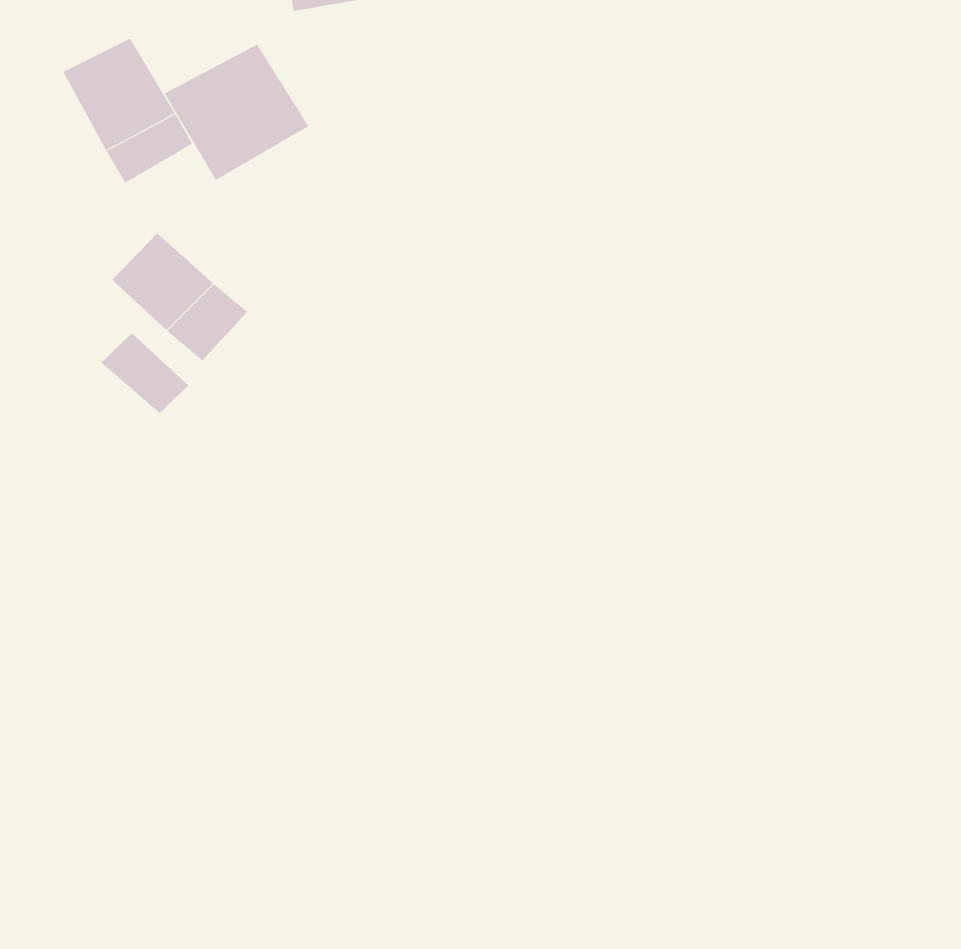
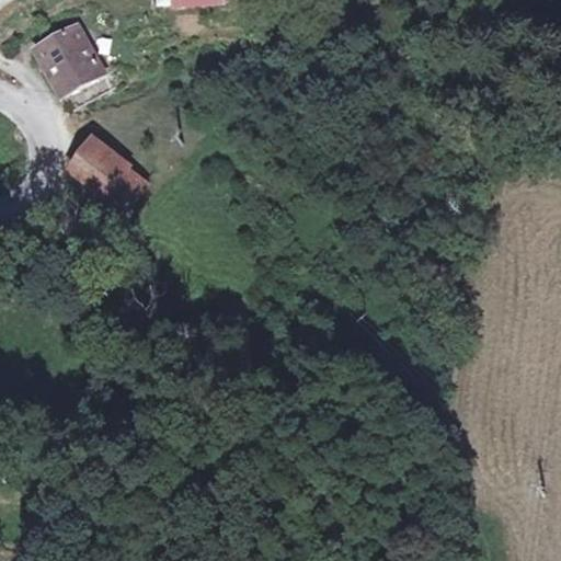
building: [164,44,309,181] -> none
building: [100,333,189,414] -> none

